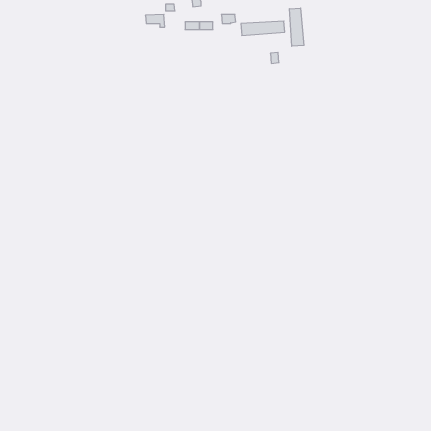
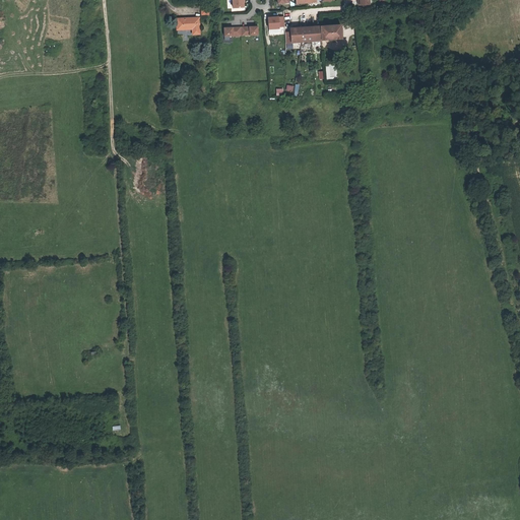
building: [289,8,304,46] -> none

